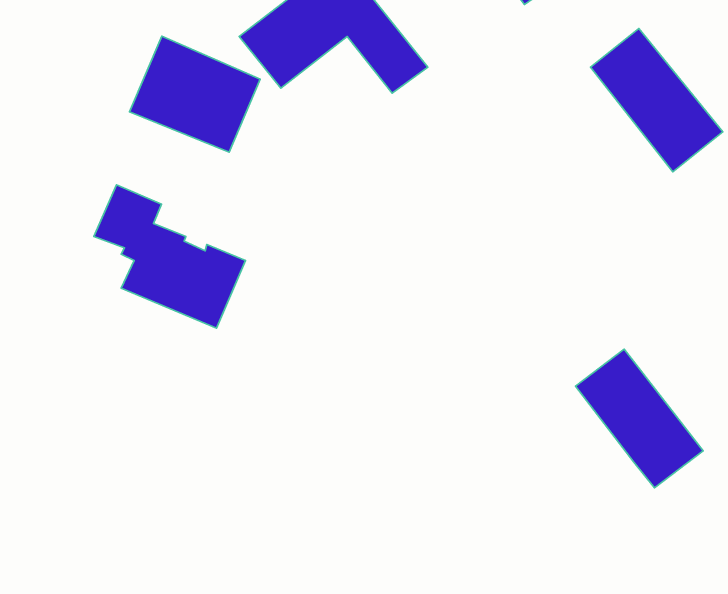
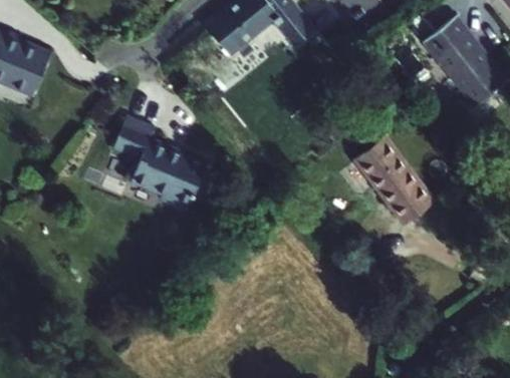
building: [129,36,260,152] -> none
building: [576,349,703,488] -> [353,137,433,224]

